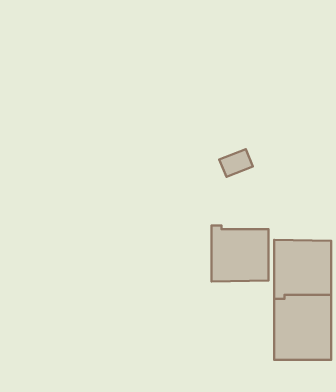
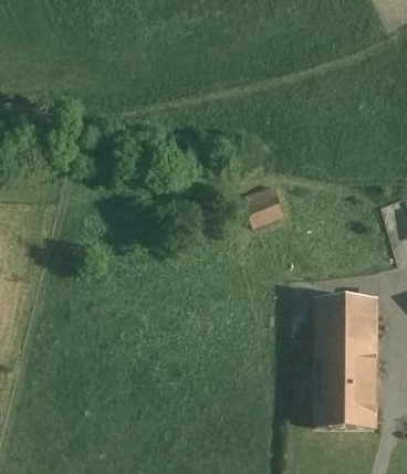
building: [211,225,268,281] -> none

